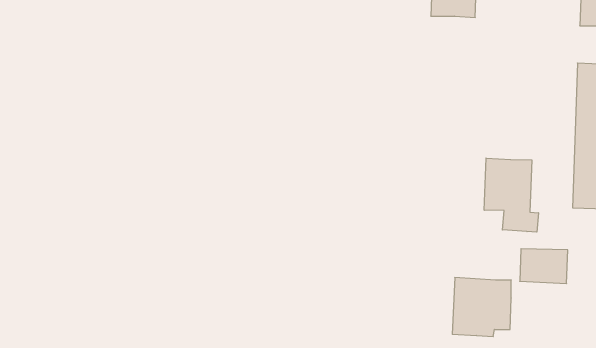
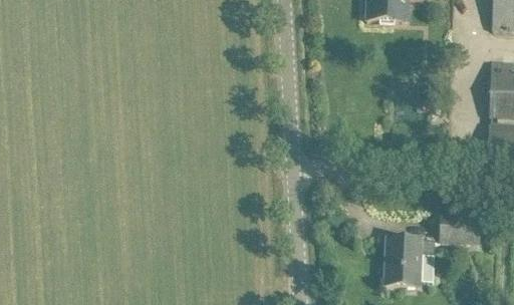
building: [484,158,538,232] -> none

